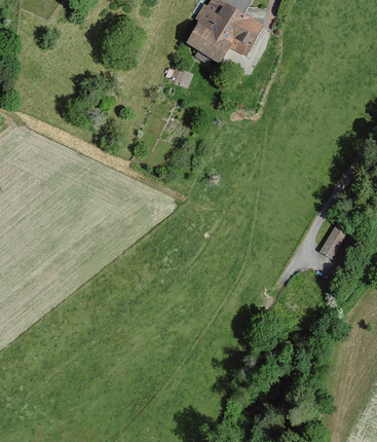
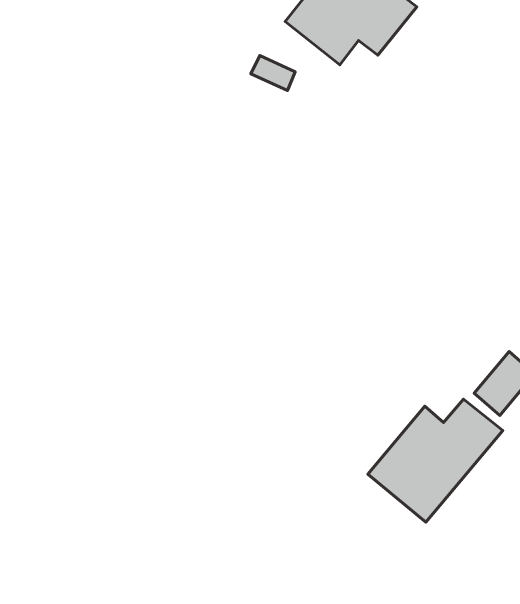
building: none -> [368,399,503,522]

